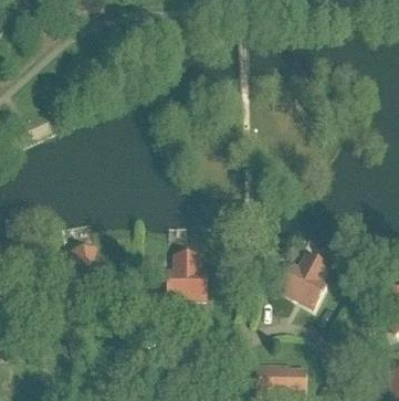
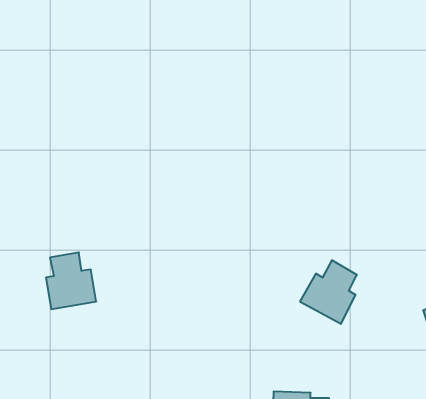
building: [169,254,207,297] -> none

